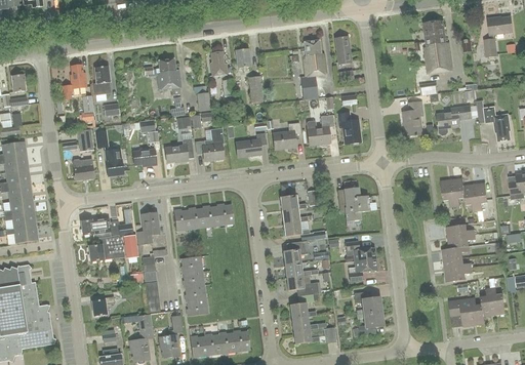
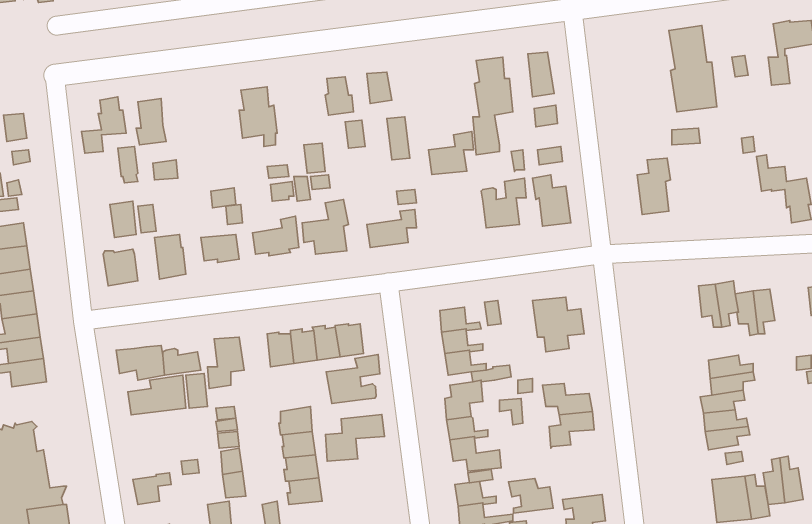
building: [437,106,478,135] -> none
building: [273,122,300,149] -> [429,132,473,175]
building: none -> [326,355,380,404]
building: none -> [326,414,385,461]
building: [354,291,381,313] -> [508,479,553,513]

